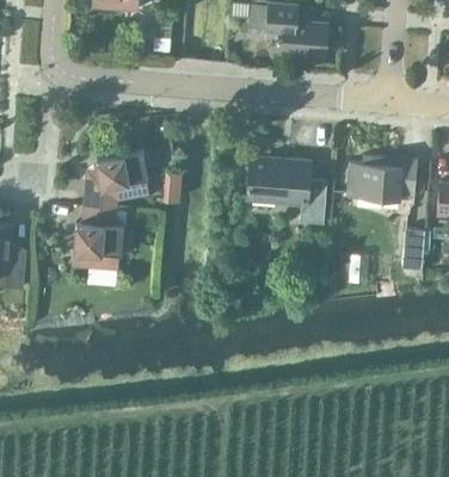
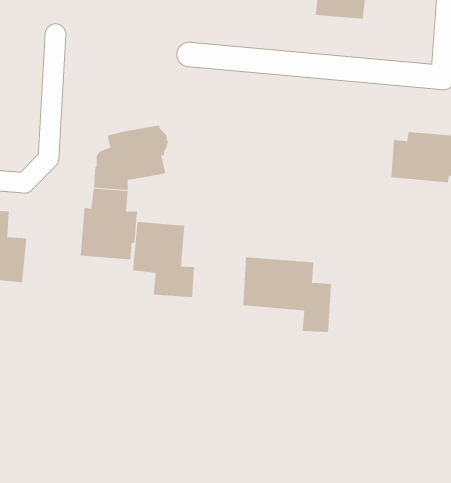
building: [247,157,326,224] -> [243,257,332,333]
building: none -> [133,221,195,298]

